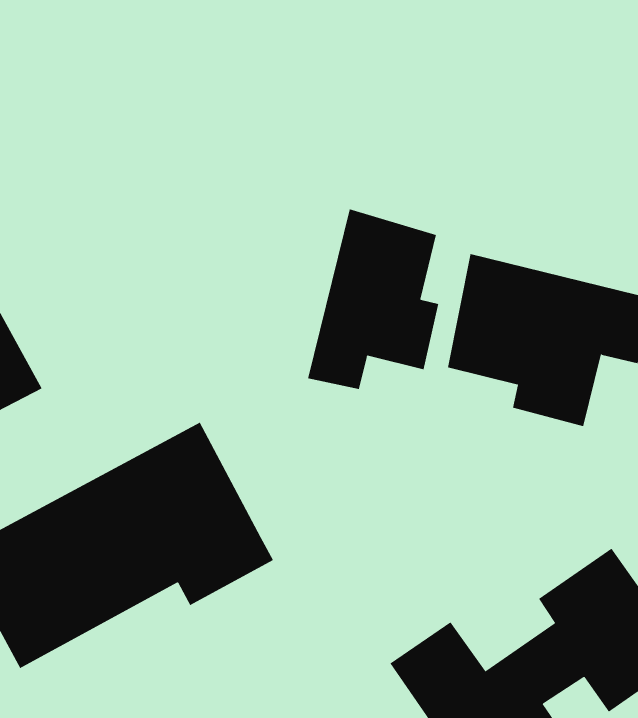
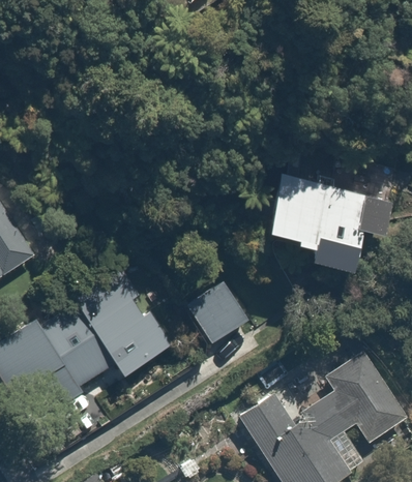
building: [308,209,439,390] -> none
building: none -> [184,274,254,342]

